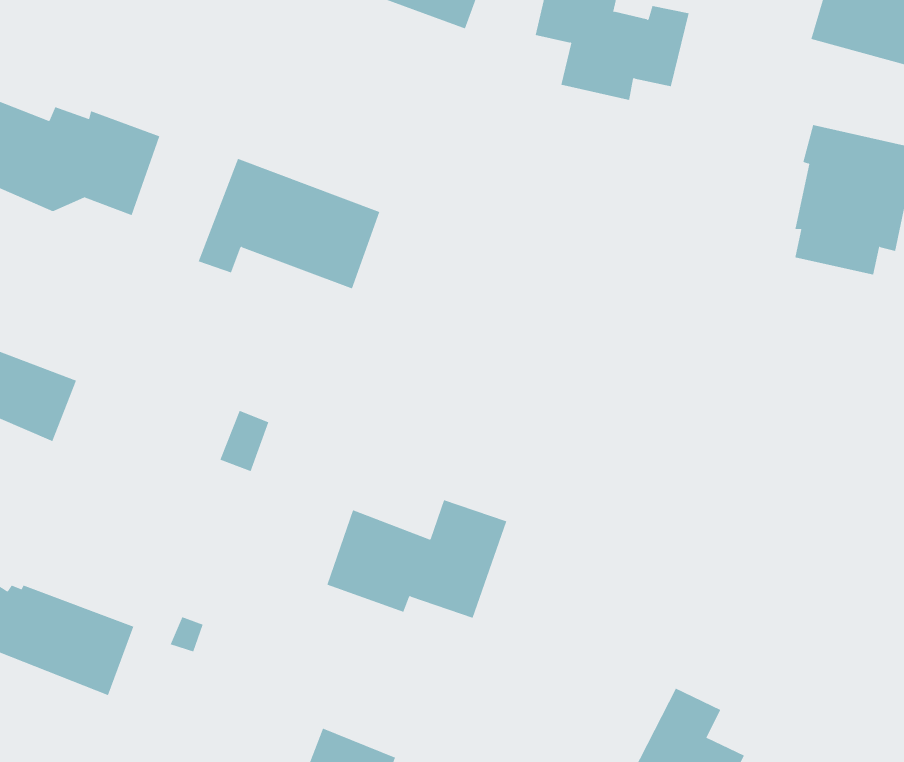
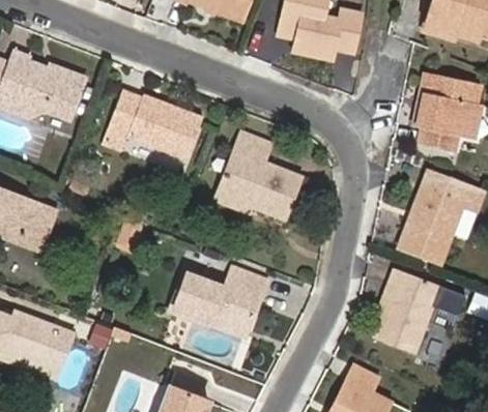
building: none -> [217,134,300,218]
building: none -> [399,172,469,263]
building: none -> [375,268,441,353]

